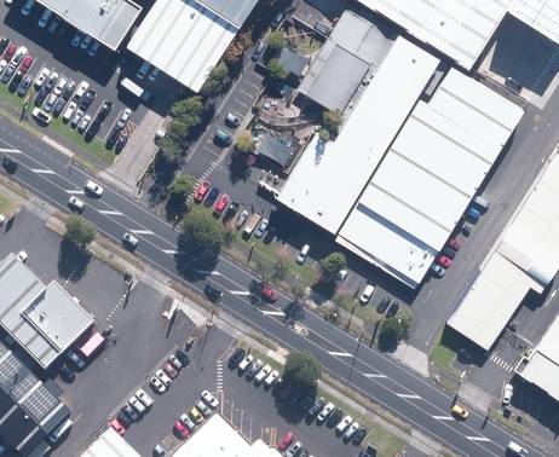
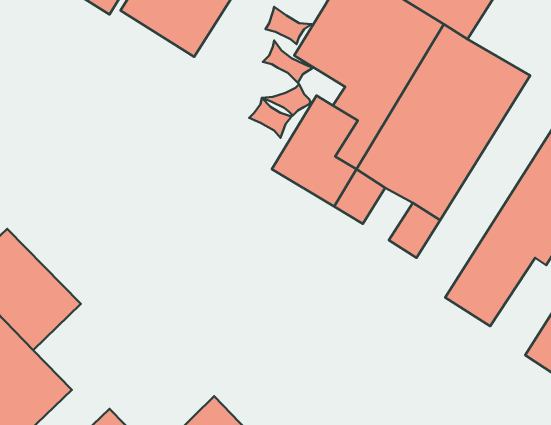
building: [364,215,413,266] -> none

